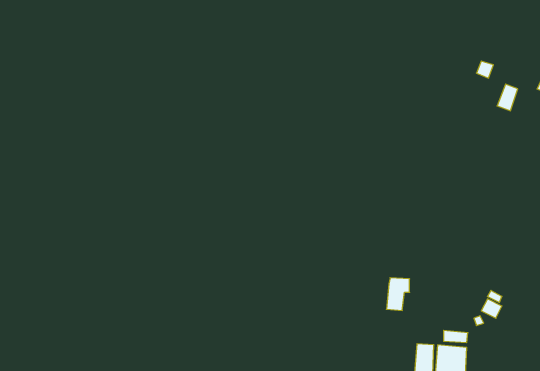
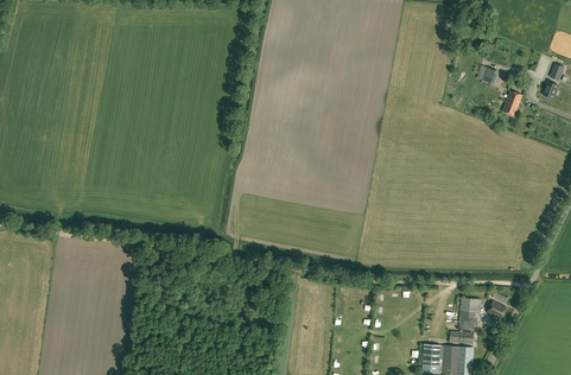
building: [386,278,410,310] -> [458,298,481,330]

